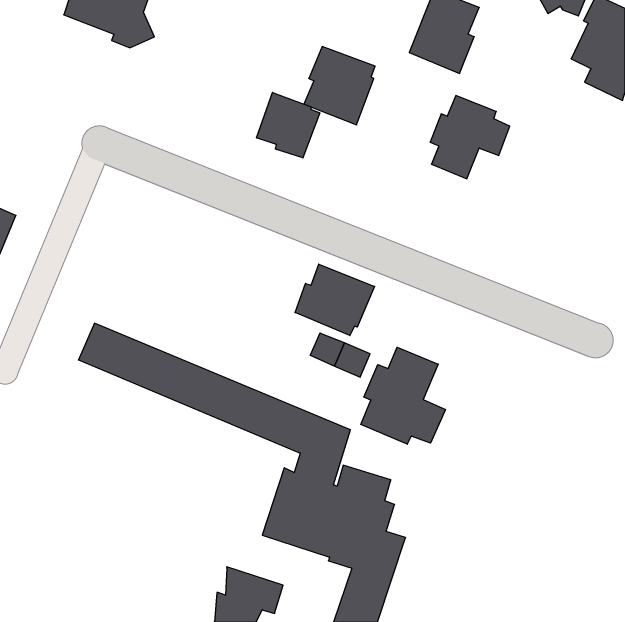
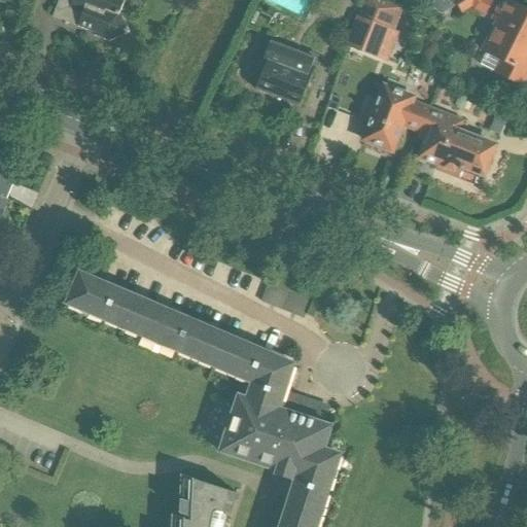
building: [257,92,320,158] -> none
building: none -> [417,106,495,176]
building: [295,264,375,336] -> none
building: [361,347,445,444] -> none

